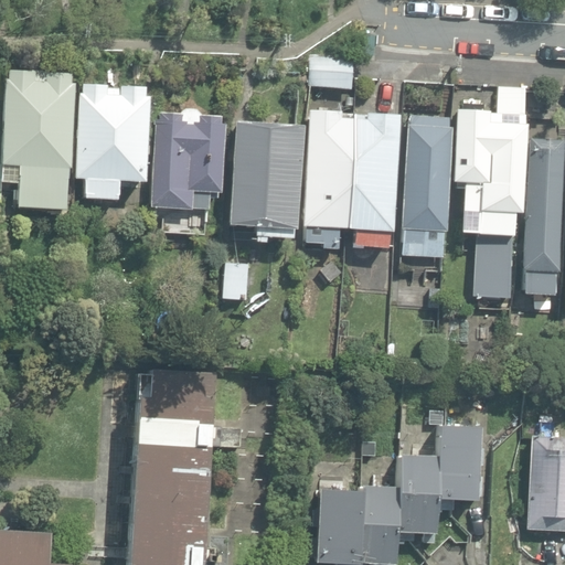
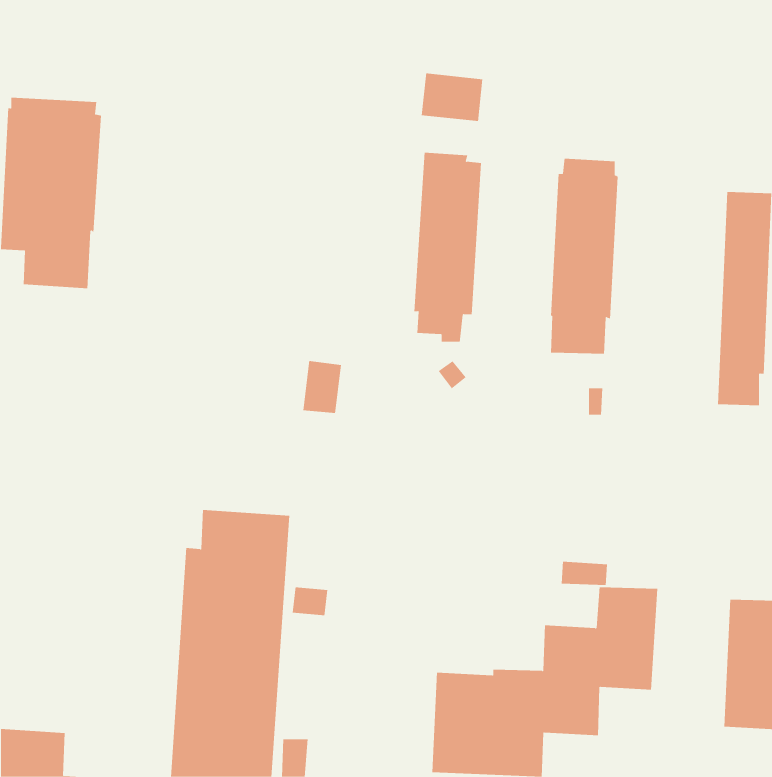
building: [77,84,151,199] -> none
building: [454,86,527,298] -> none
building: [152,109,227,210] -> none
building: [349,113,399,246] -> none
building: [230,120,302,239] -> none

